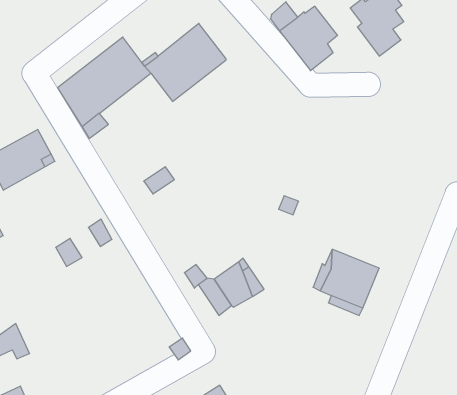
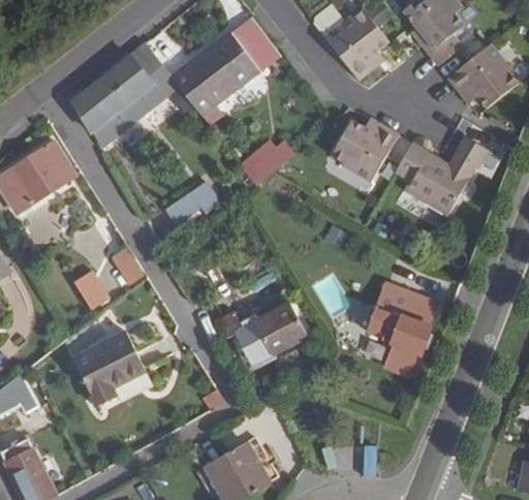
building: none -> [231,13,274,68]
building: none -> [447,43,519,110]
building: none -> [333,119,401,184]
building: none -> [236,137,295,183]
building: none -> [395,137,491,217]
building: none -> [73,324,146,402]

